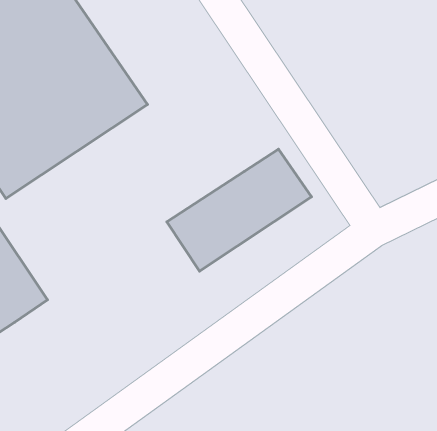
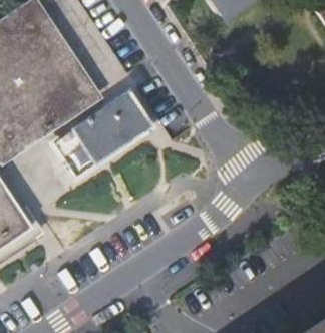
building: [167,149,311,271] -> [56,94,153,177]

